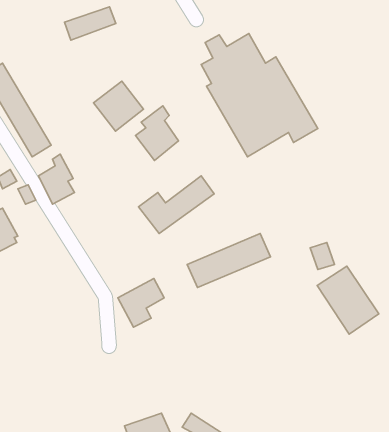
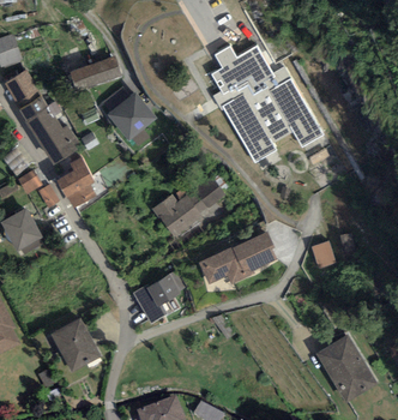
building: [65,7,116,40] -> [71,56,119,88]
building: [135,106,179,160] -> none
building: [317,266,379,334] -> [319,334,376,397]
building: none -> [54,319,98,370]

